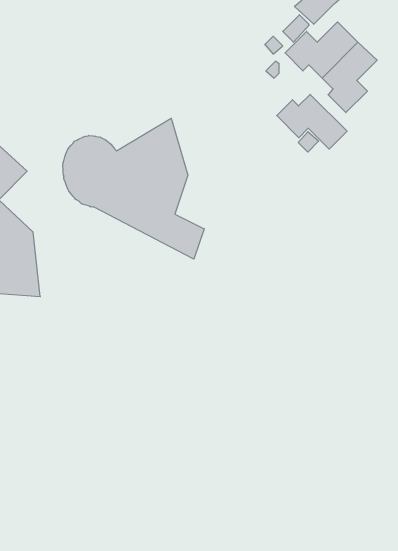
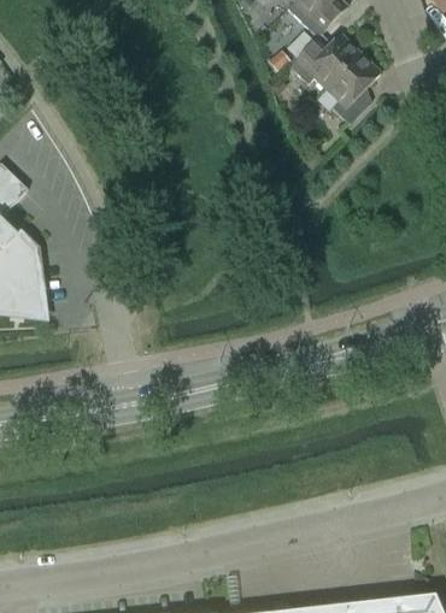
building: [277,94,347,149] -> none
building: [63,118,204,259] -> none

